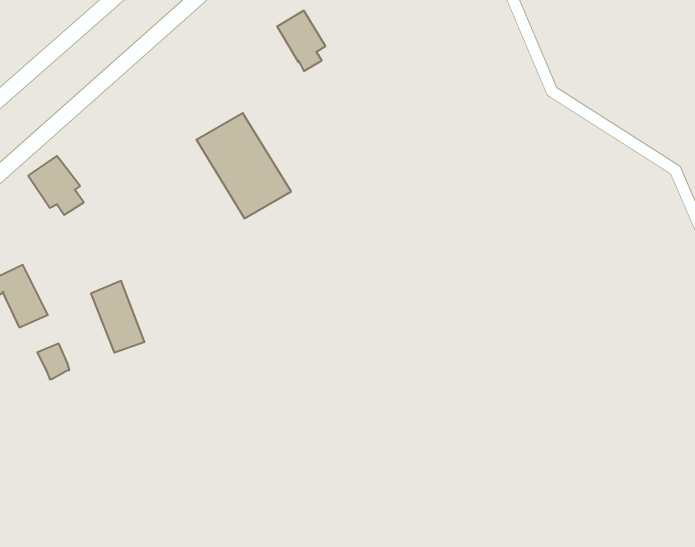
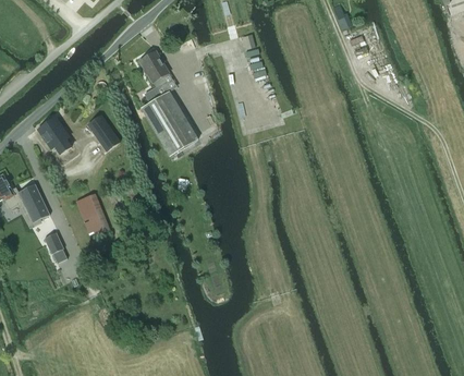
building: [277,11,325,71] -> [138,50,168,87]
building: none -> [86,112,121,150]

